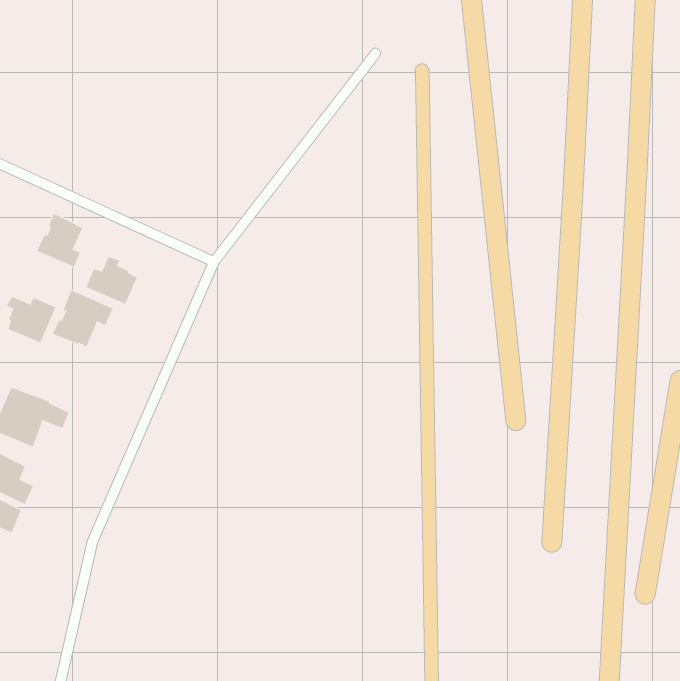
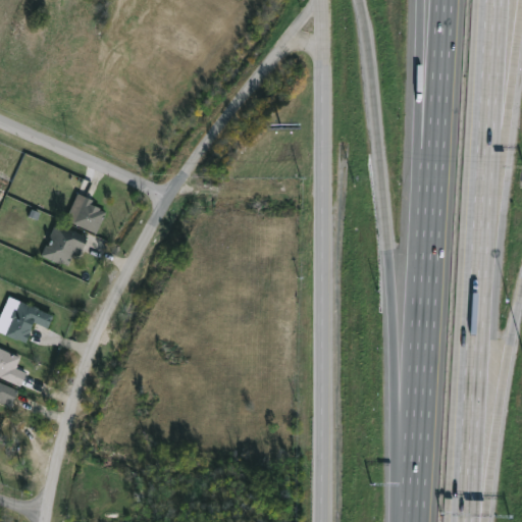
building: [37,213,83,267] -> none
building: [6,296,56,343] -> none

